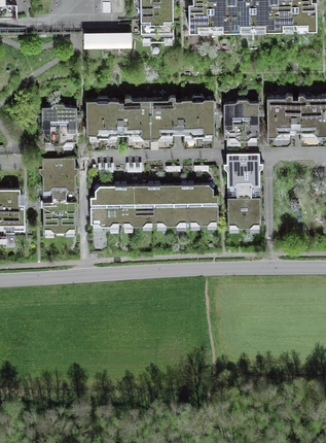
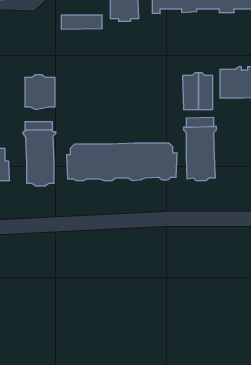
building: [84,94,213,136] -> none

